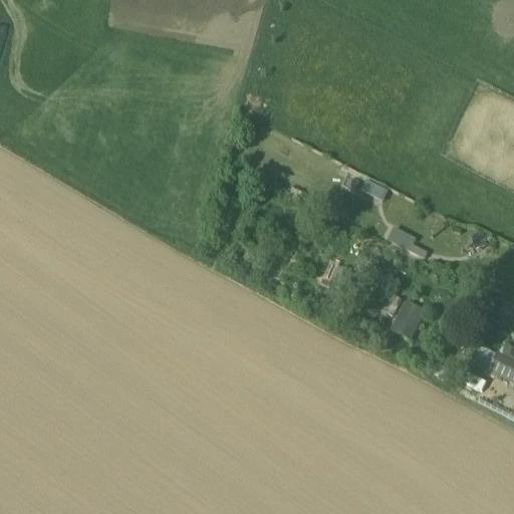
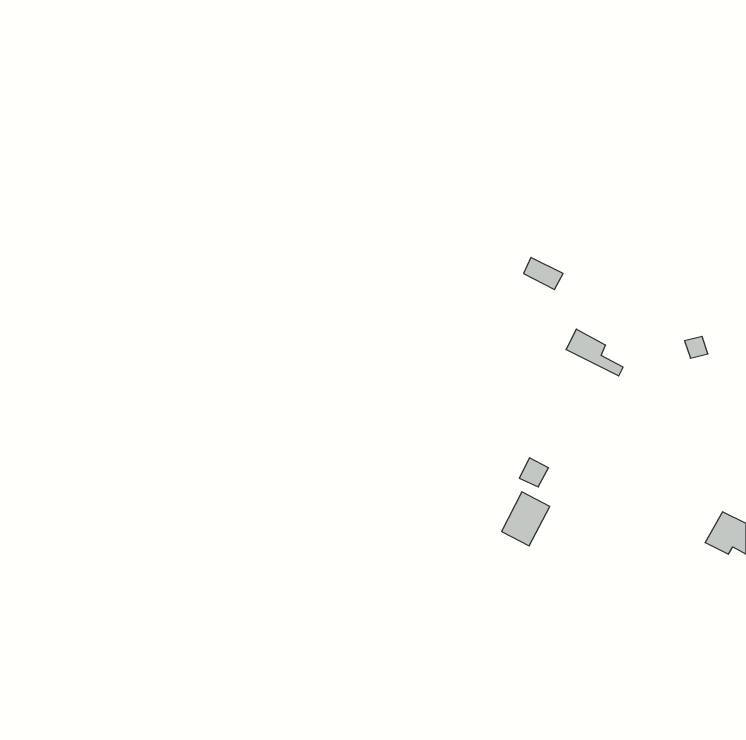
building: [391,301,424,338] -> [502,492,550,546]

